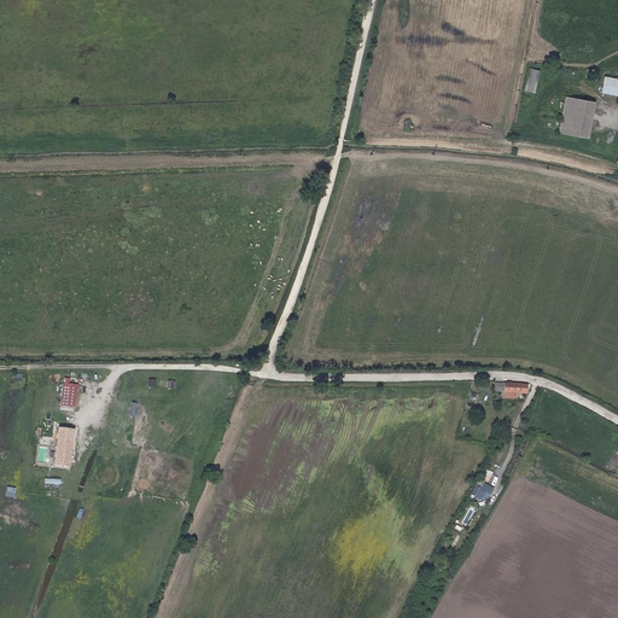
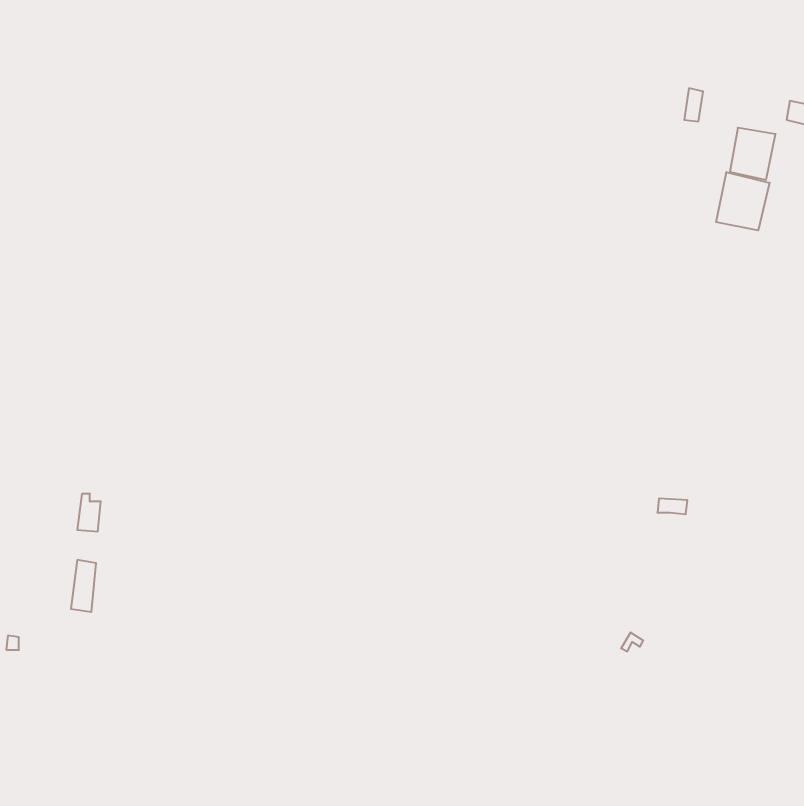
building: none -> [716,172,770,230]

